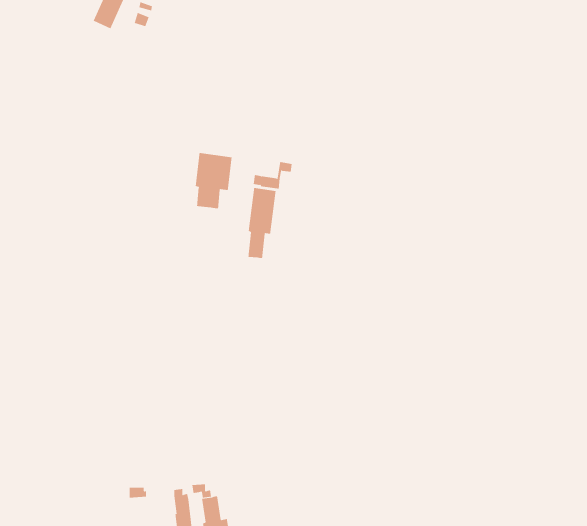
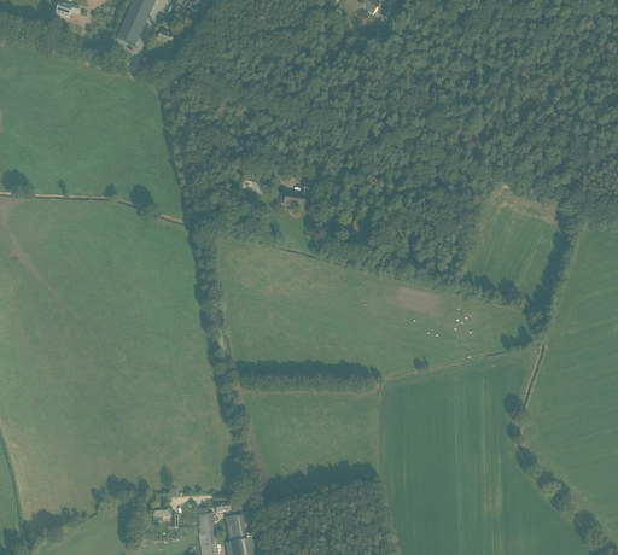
building: [195,152,232,209] -> none
building: [248,187,276,259] -> none

